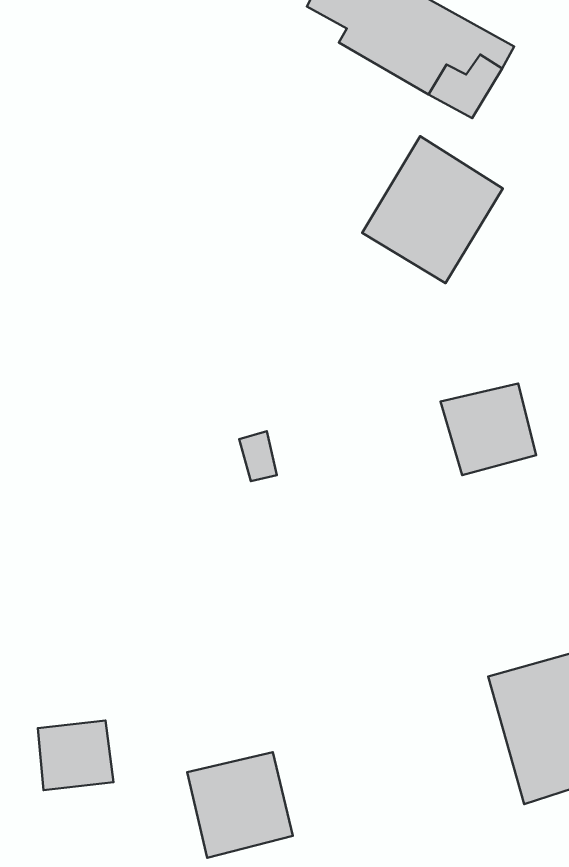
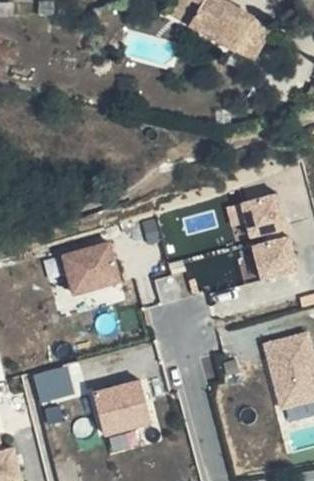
building: [362,136,503,283] -> none
building: none -> [248,237,296,282]
building: none -> [58,244,114,297]

